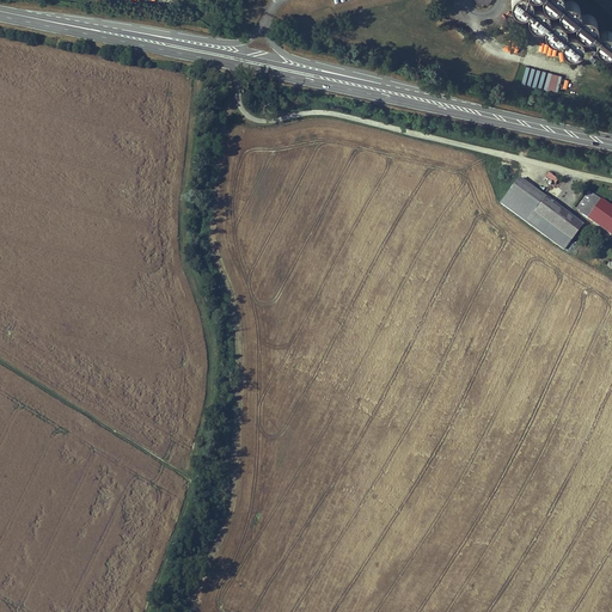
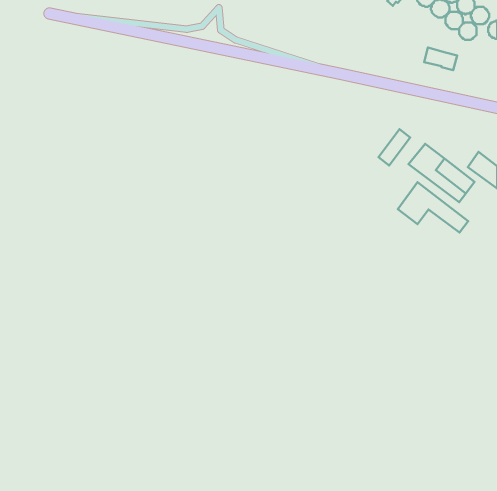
building: none -> [378,129,410,166]
building: none -> [398,182,468,233]

